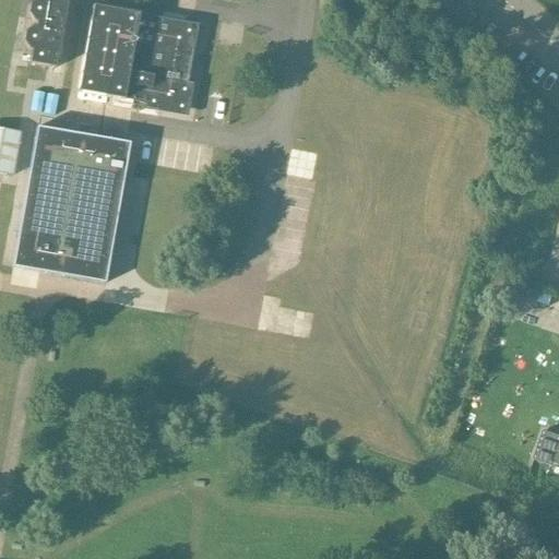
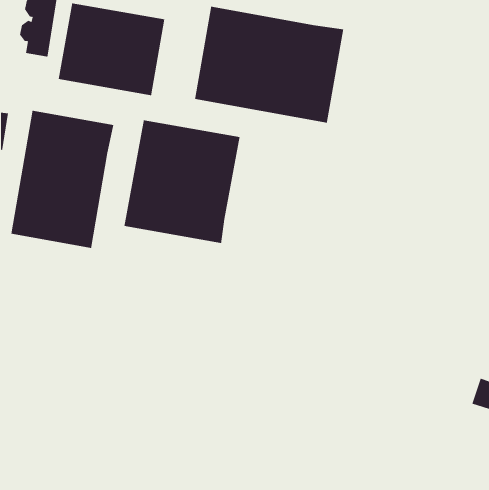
building: none -> [194,6,344,123]
building: none -> [124,119,240,244]

